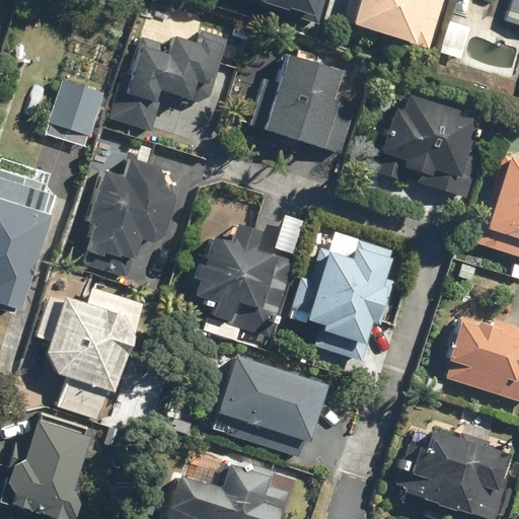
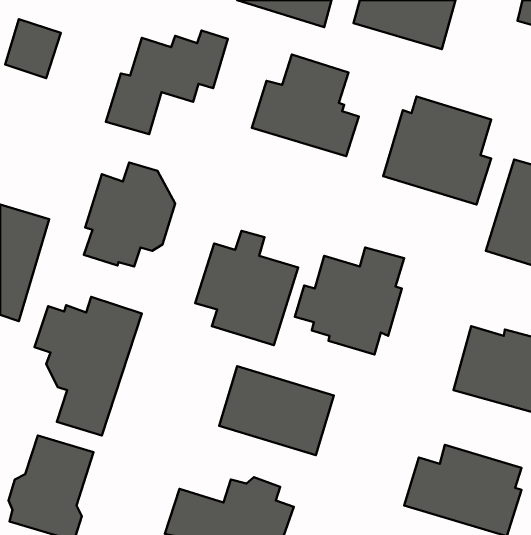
building: [50,80,103,137] -> [5,19,61,78]

